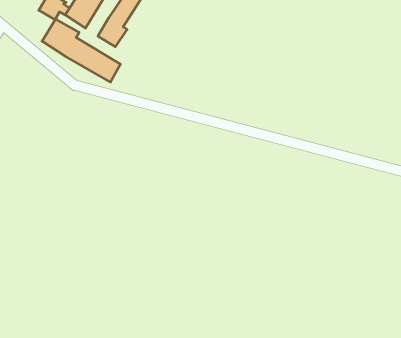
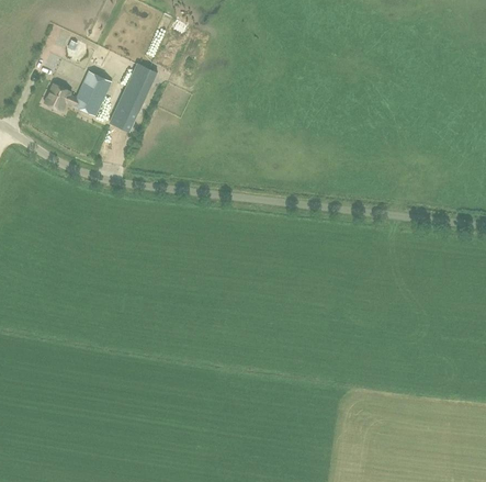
building: [42,19,120,82] -> none

